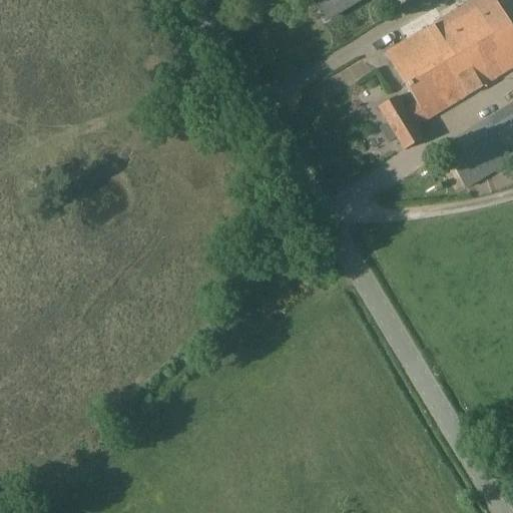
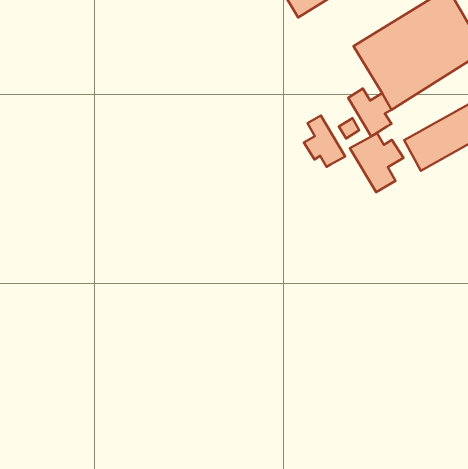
building: none -> [304,116,345,167]
building: none -> [350,133,404,192]

